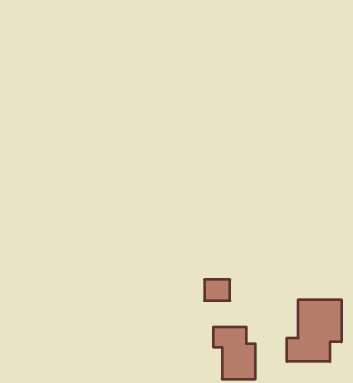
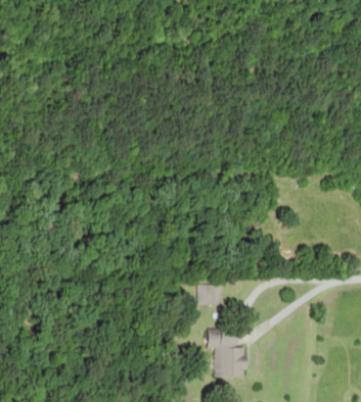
building: [287,300,341,362] -> none

